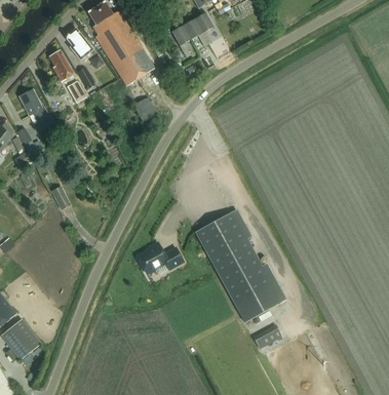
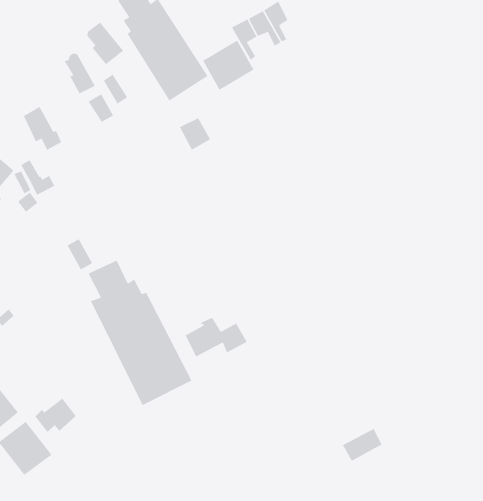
building: none -> [202,40,255,91]
building: none -> [87,260,193,406]
building: [195,210,281,321] -> none
building: none -> [34,398,76,433]

